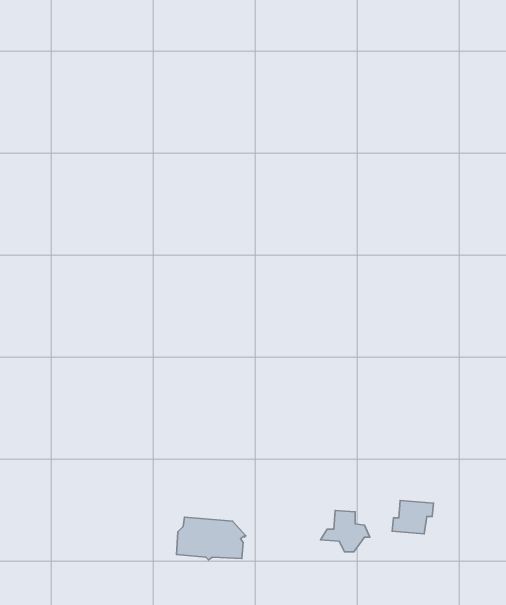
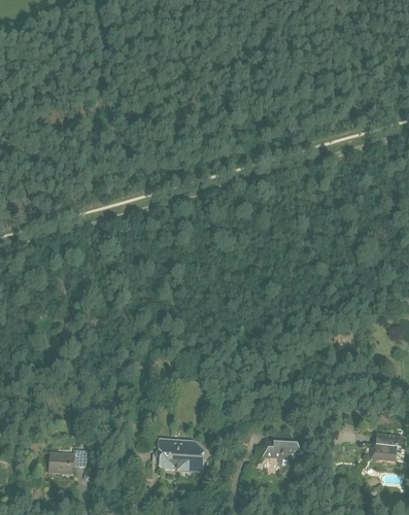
building: [392,501,433,534] -> [370,435,402,460]
building: none -> [48,450,87,474]

